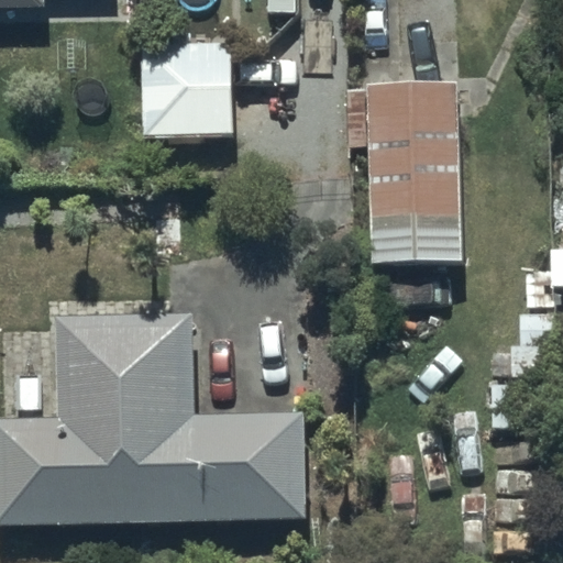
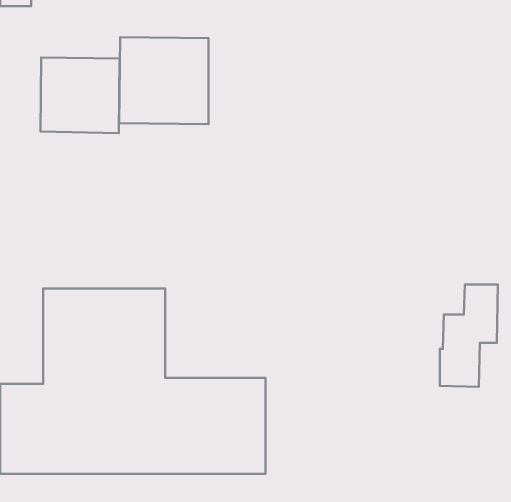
building: none -> [40,58,120,133]
building: [353,84,464,267] -> none

